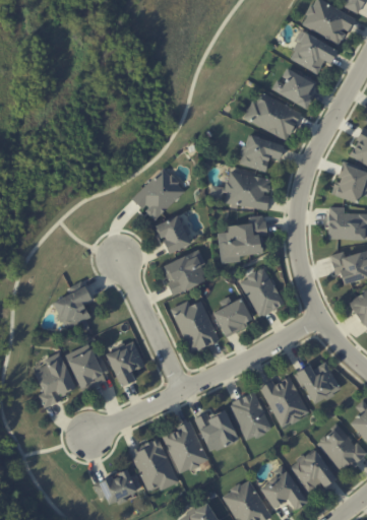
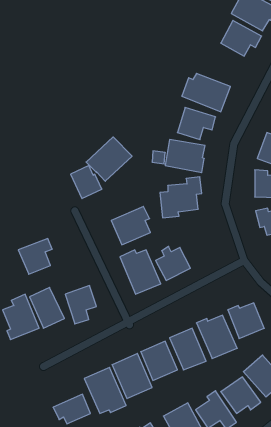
building: [271,69,317,107] -> none
building: [157,215,193,254] -> [71,166,102,199]
building: [239,267,285,318] -> none

